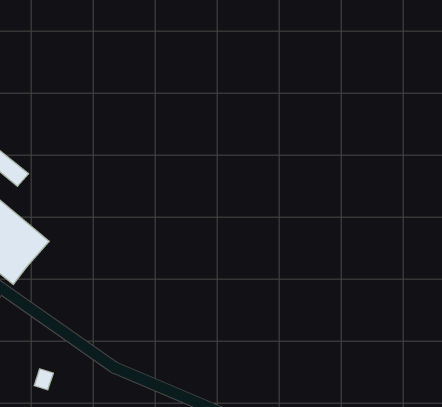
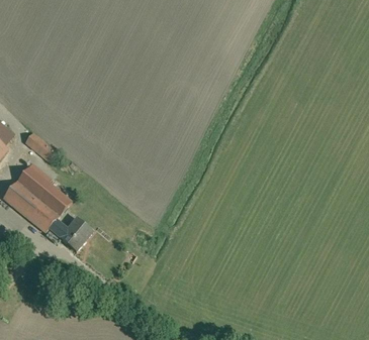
building: none -> [49,217,93,249]

